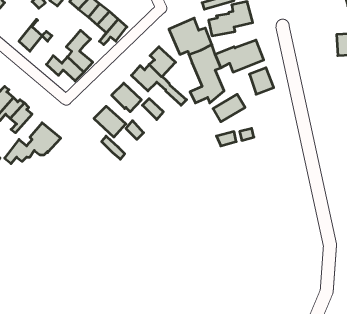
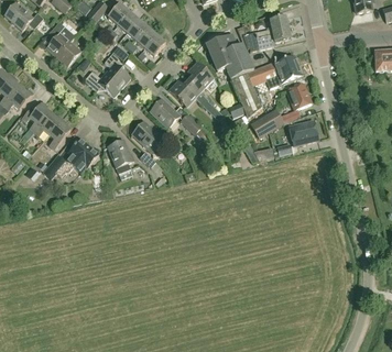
building: none -> [46,21,75,56]
building: none -> [288,120,318,145]
building: none -> [108,140,132,173]

